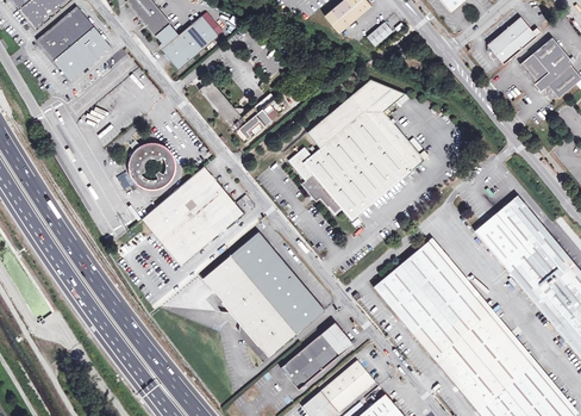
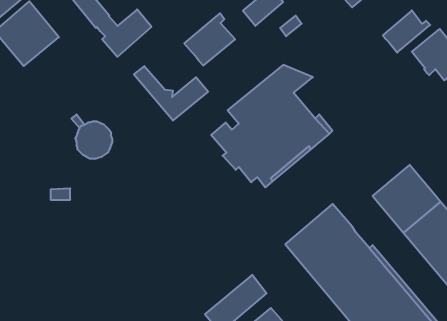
building: none -> [184,13,235,66]
building: [143,166,243,265] -> none
building: [202,231,324,356] -> none

